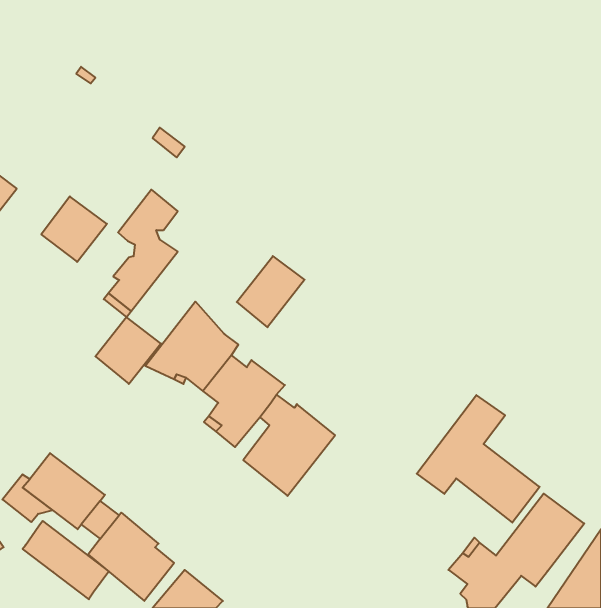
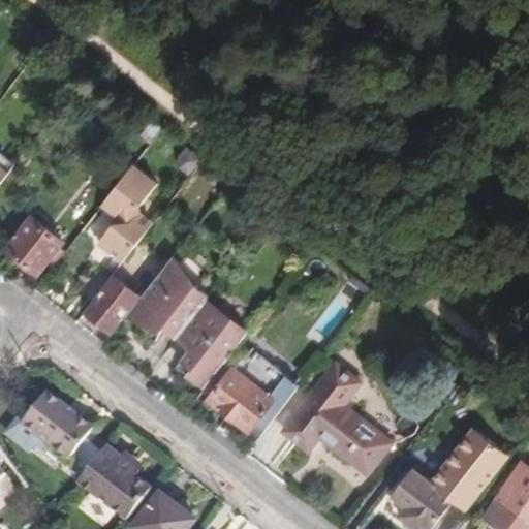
building: [41,196,107,262] -> [6,216,63,273]
building: [237,256,305,327] -> none
building: [417,395,540,523] -> [284,364,391,474]
building: [23,521,109,599] -> none

